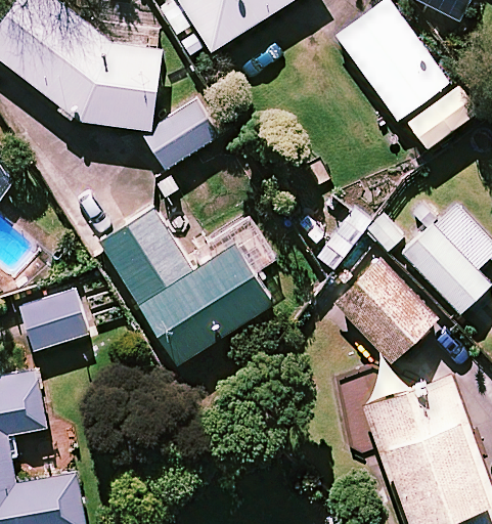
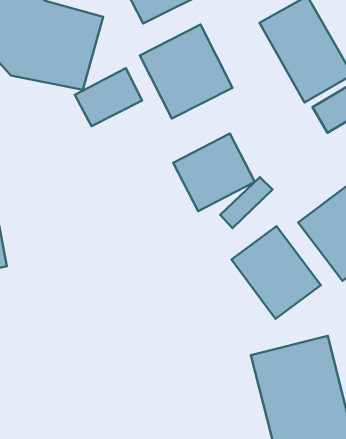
building: none -> [140,25,233,119]
building: none -> [173,134,255,211]
building: [99,208,270,389] -> none

